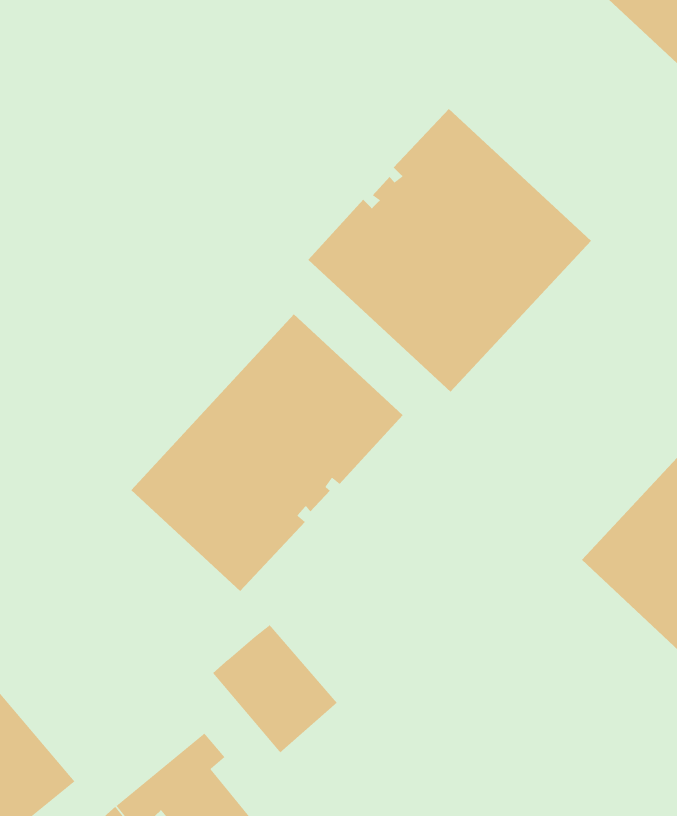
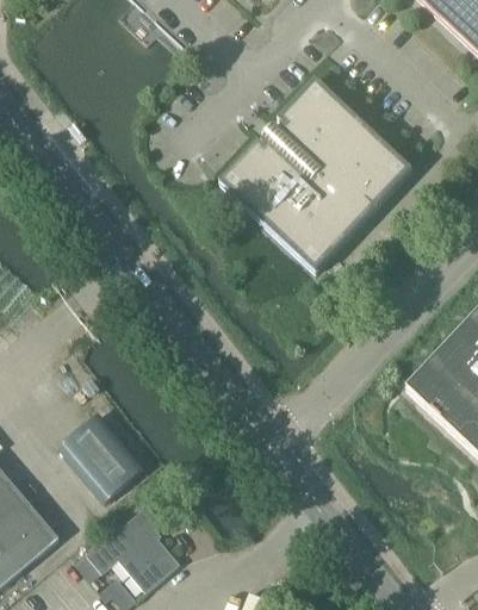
building: [130,313,403,592] -> none
building: [212,624,338,753] -> [57,413,143,502]

